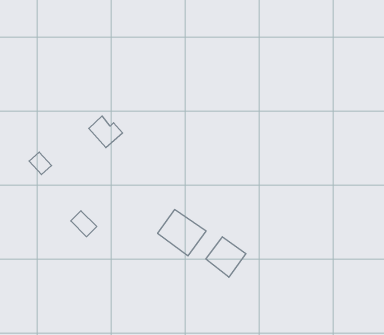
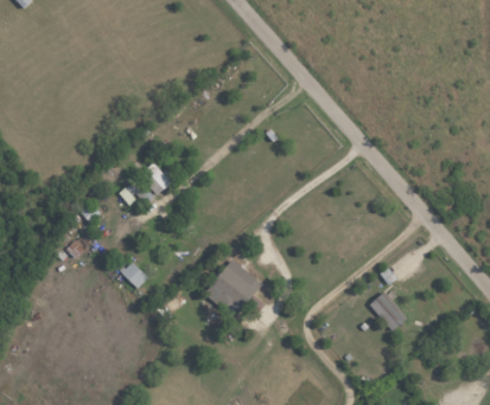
building: [206,237,246,277] -> none
building: none -> [369,290,406,330]

